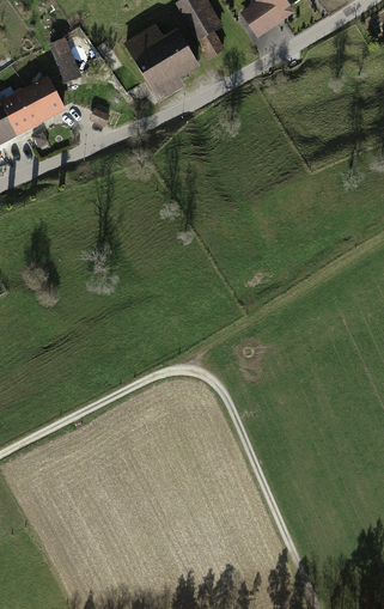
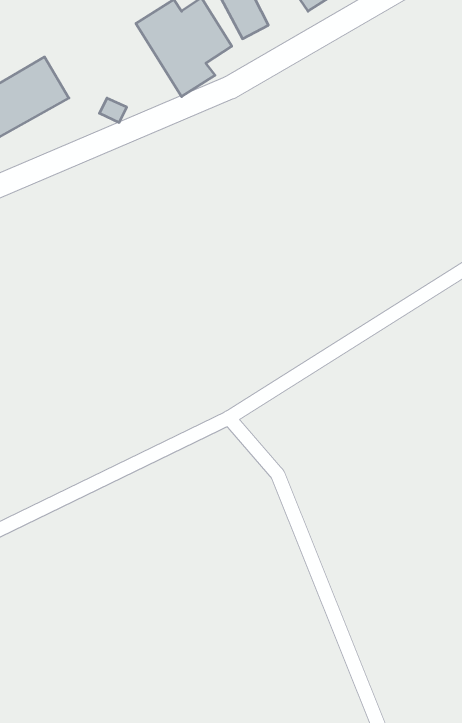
building: [50,38,84,85] -> none

